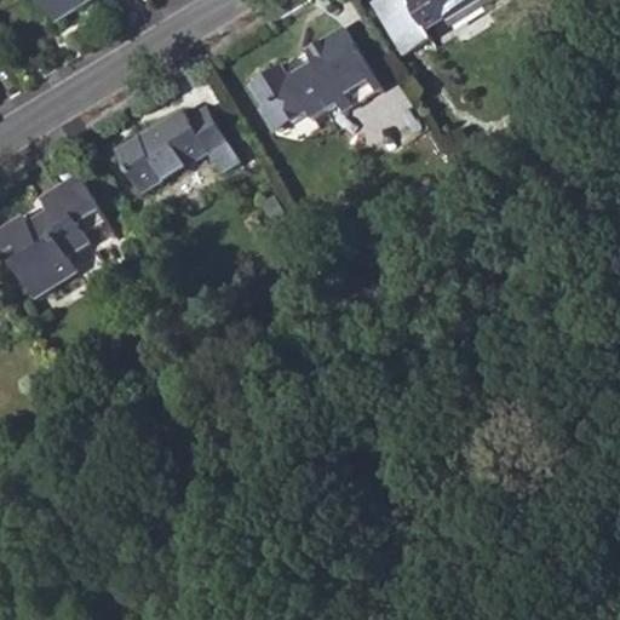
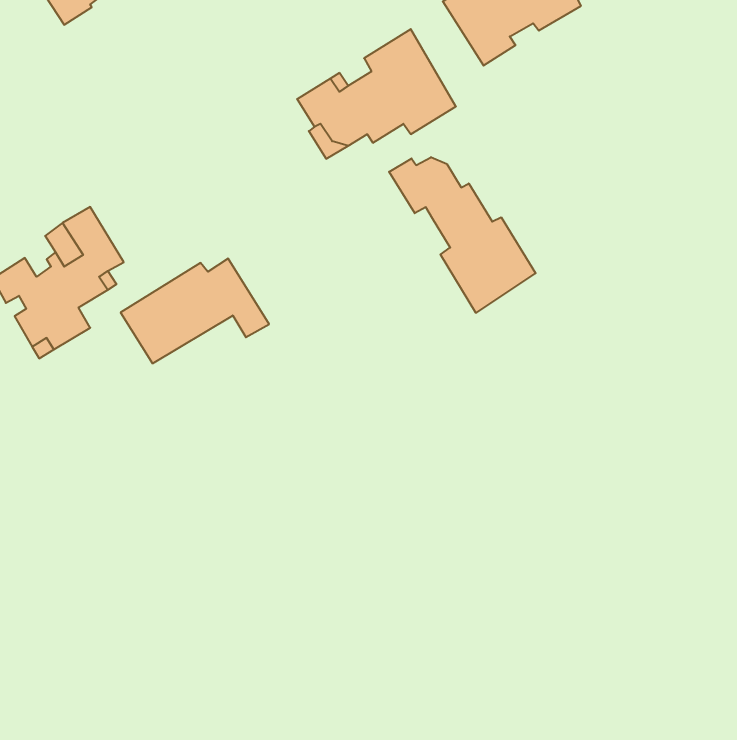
building: [114,105,237,193] -> [121,259,269,363]
building: none -> [389,157,536,313]

